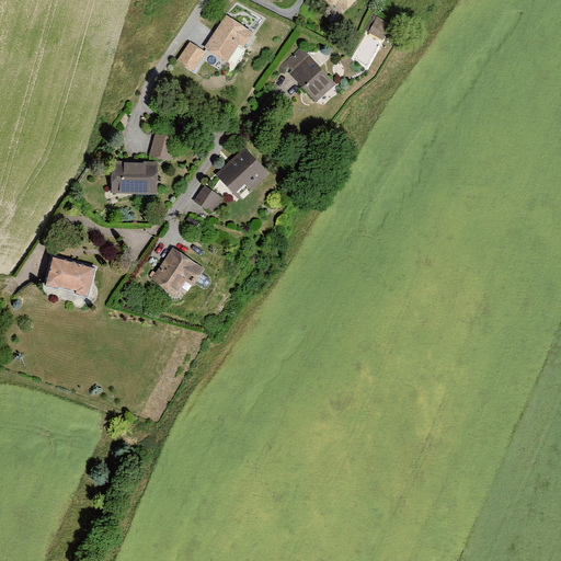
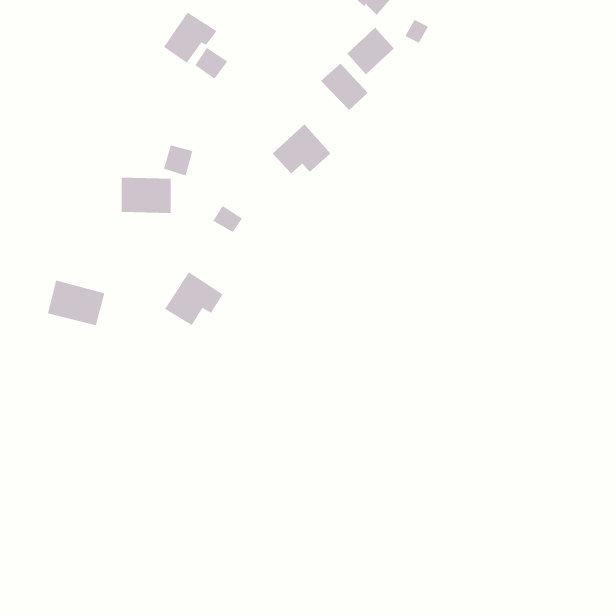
building: [203,16,252,64] -> [163,12,217,64]
building: none -> [346,27,395,75]
building: [215,147,268,193] -> [272,123,331,174]

